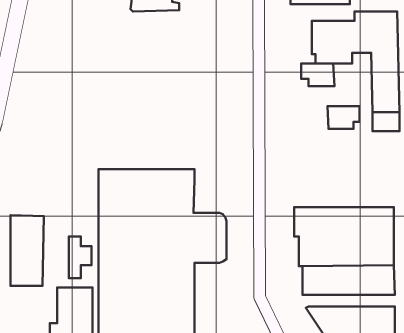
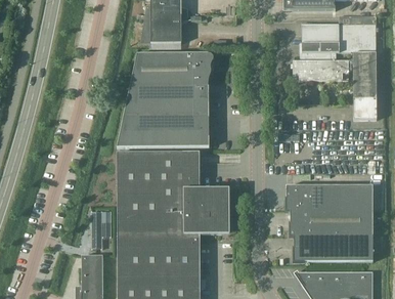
building: none -> [140,13,187,42]
building: none -> [118,52,214,146]
building: [327,106,359,129] -> [320,60,348,80]
building: [11,215,44,286] -> none

